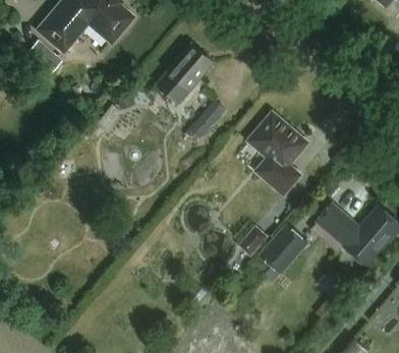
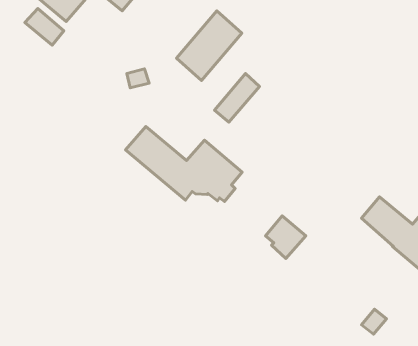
building: [251,117,304,192] -> none
building: none -> [126,126,242,201]
building: [260,222,309,273] -> none

